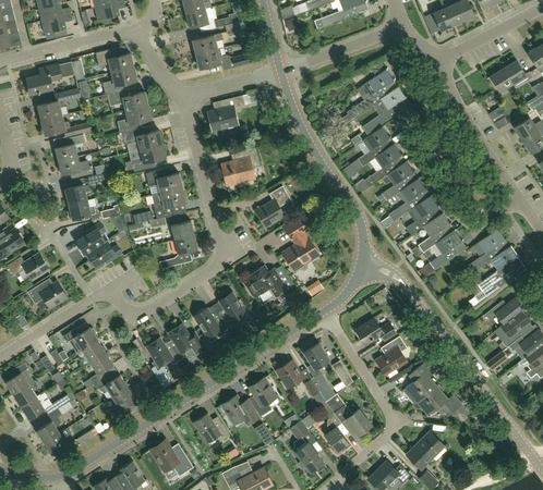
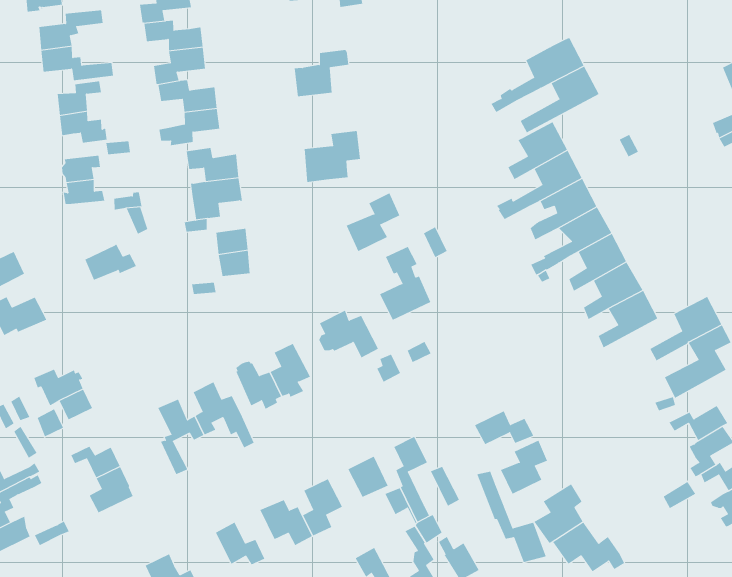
building: [75,223,105,255] -> none
building: [82,351,112,388] -> none
building: none -> [477,471,547,563]

